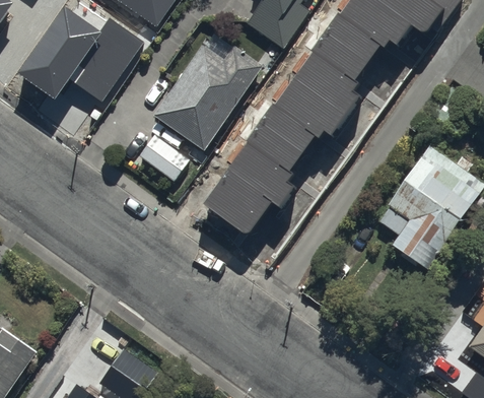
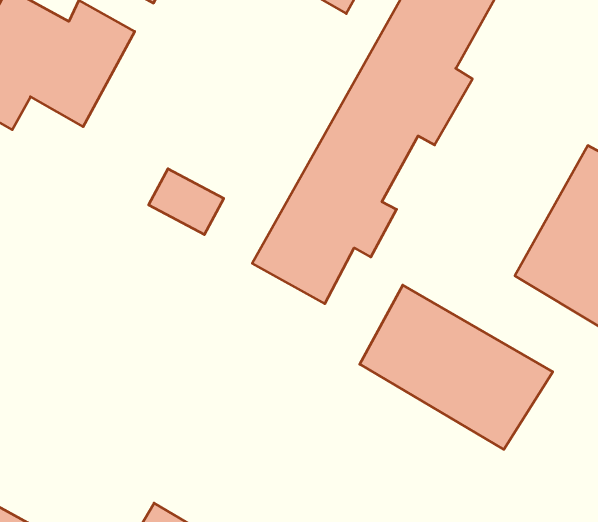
building: [154,45,263,156] -> none
building: none -> [360,285,553,449]

